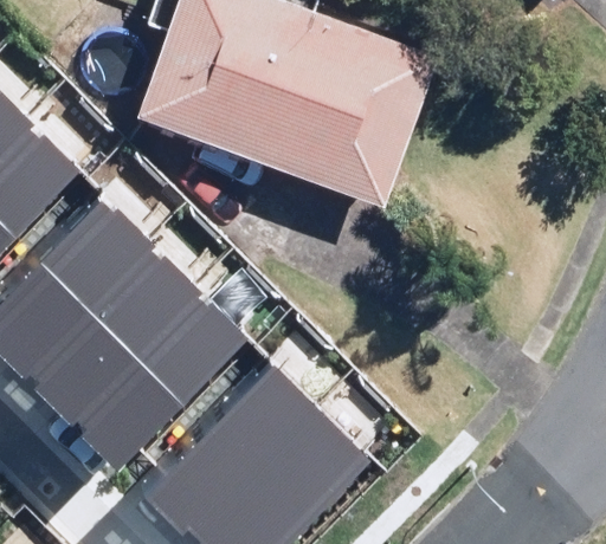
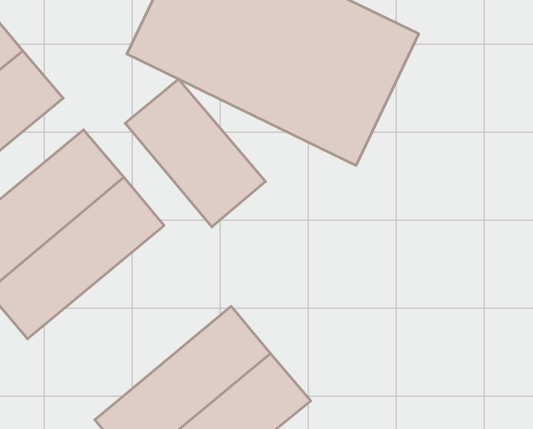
building: none -> [125,79,266,227]
building: [66,291,243,469] -> none

